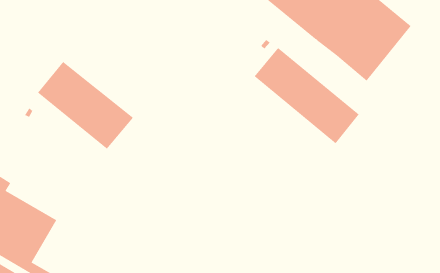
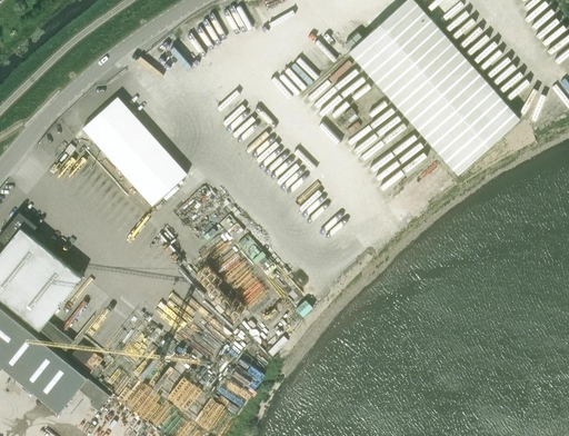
building: [254,47,359,144] -> none

